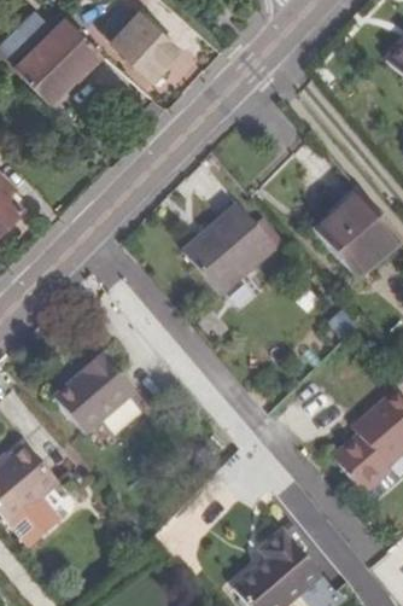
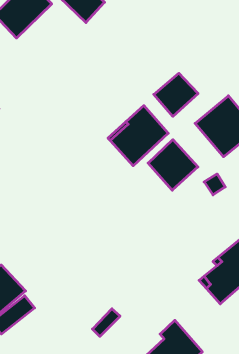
building: none -> [154,73,198,116]
building: none -> [148,140,198,190]
building: [56,349,136,431] -> none

